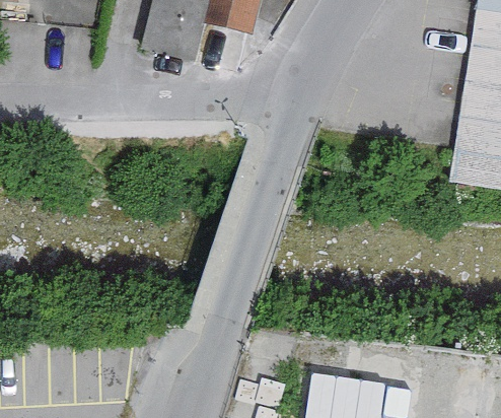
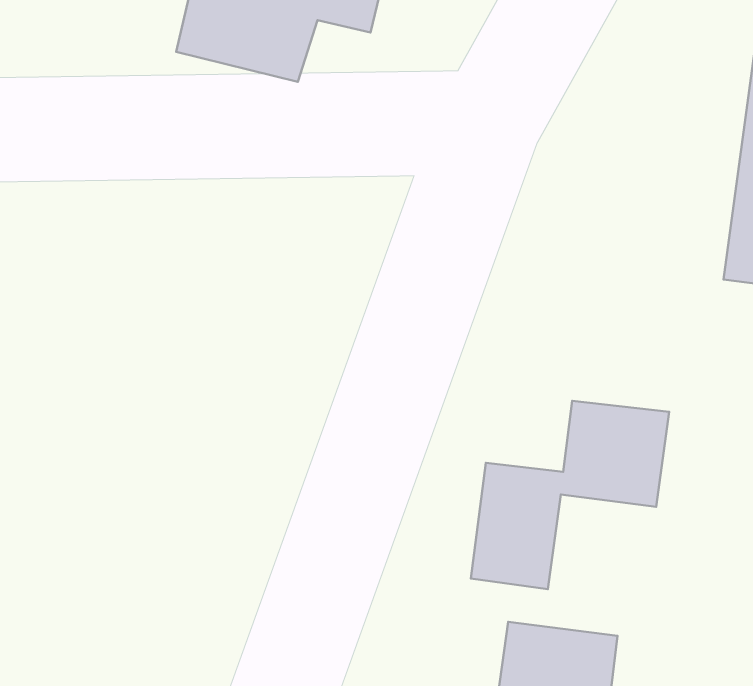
building: none -> [471,401,669,589]

